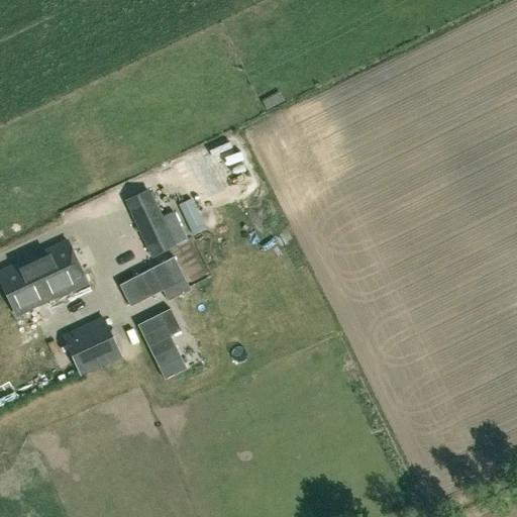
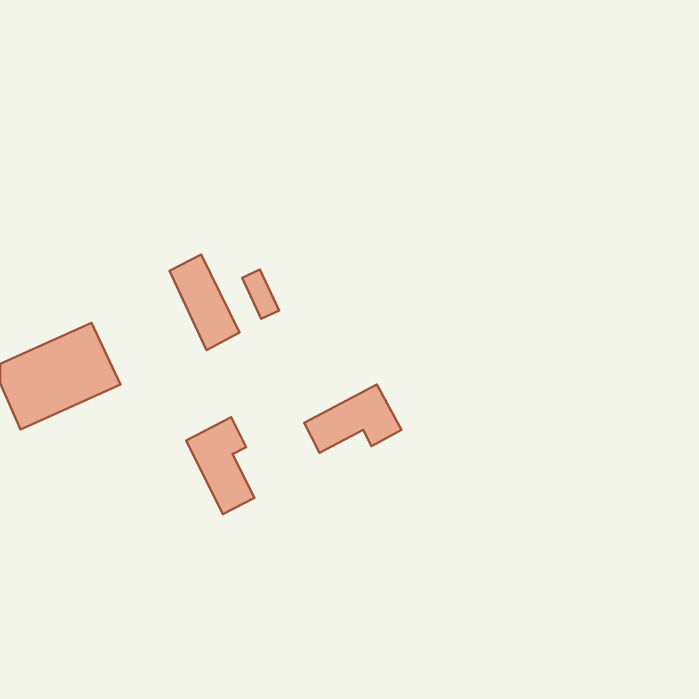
building: [119,256,191,307] -> [304,385,401,453]
building: [62,317,122,377] -> none

